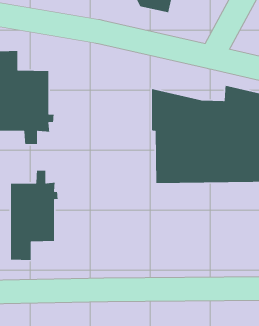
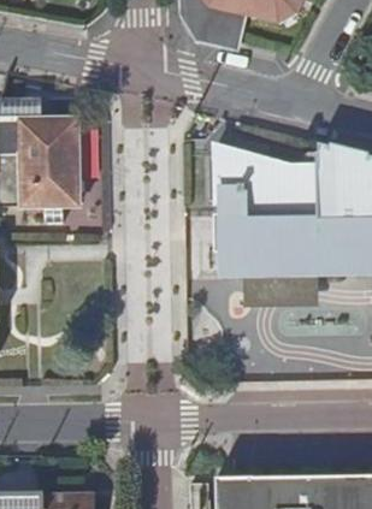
building: [10,170,59,261] -> none

